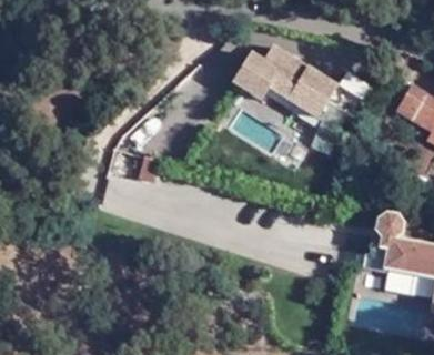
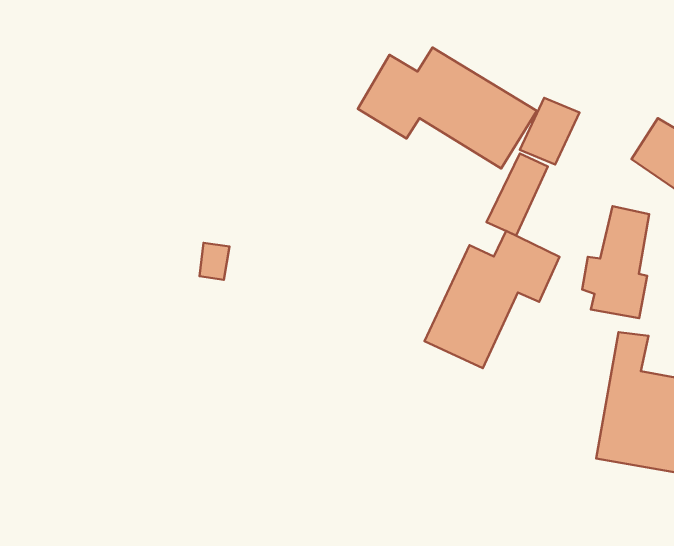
building: none -> [582,206,649,318]
building: none -> [425,231,560,368]

